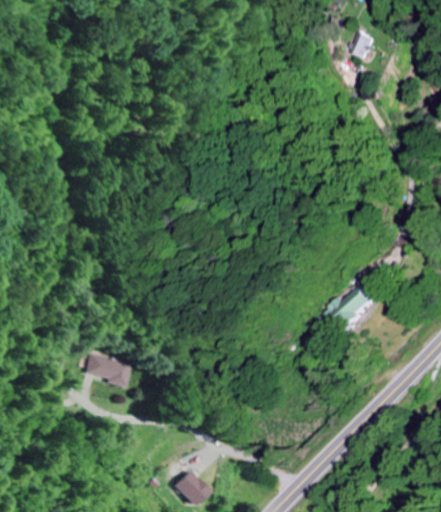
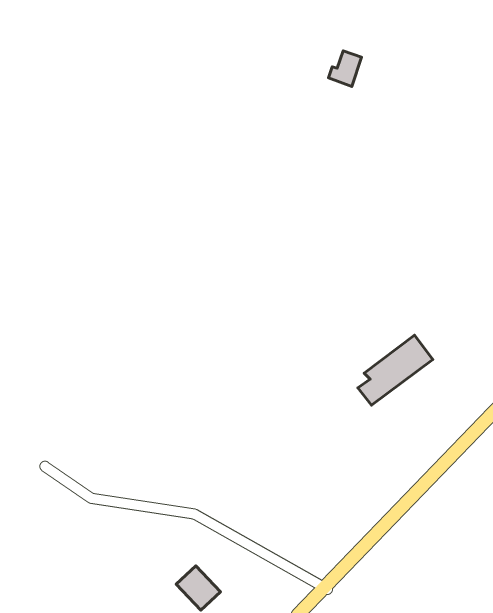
building: [347,29,374,58] -> [328,51,362,87]
building: [83,353,129,387] -> none

